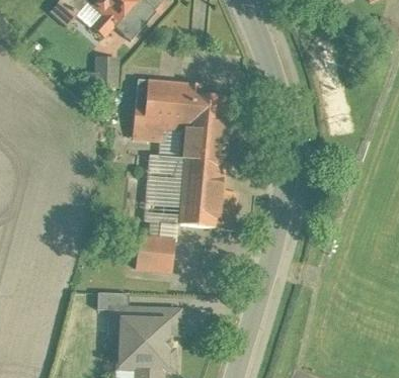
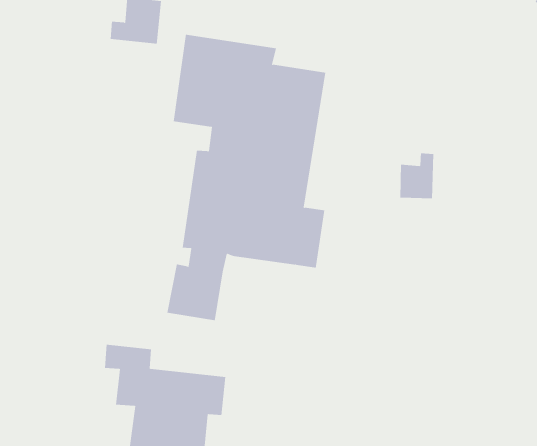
building: none -> [400,153,434,199]

